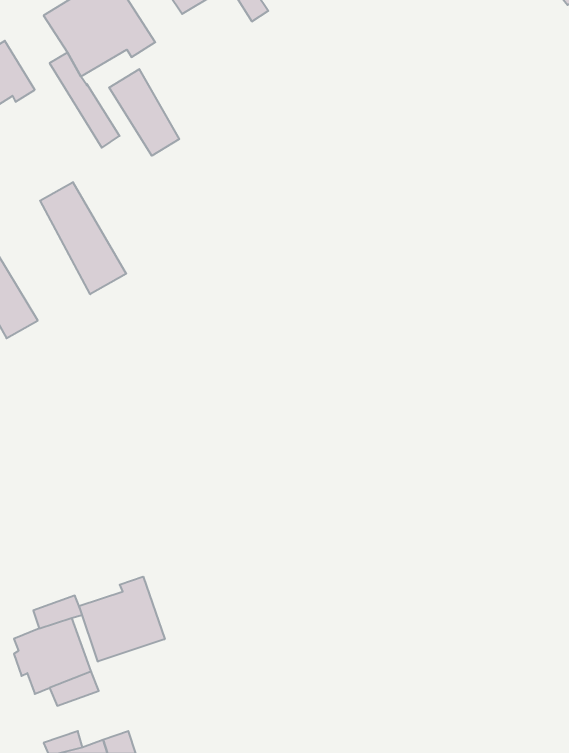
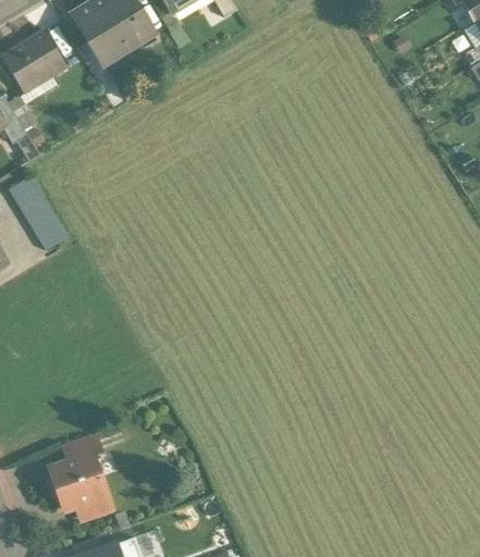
building: [109,69,179,156] -> none
building: [40,182,126,294] -> none
building: [79,577,165,662] -> none

